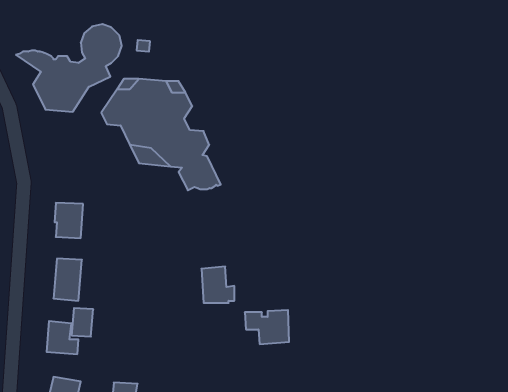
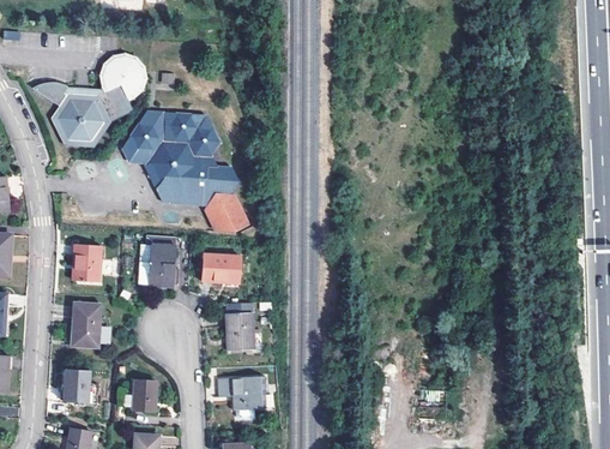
building: none -> [146,234,176,285]
building: none -> [204,252,242,281]
building: [72,308,93,337] -> [133,381,156,411]
building: [245,310,289,344] -> [218,375,265,411]

